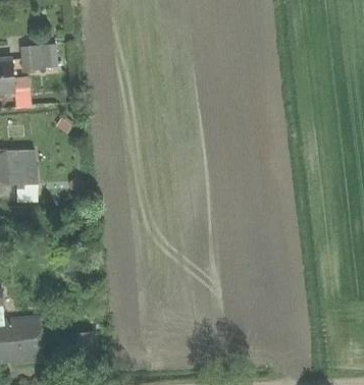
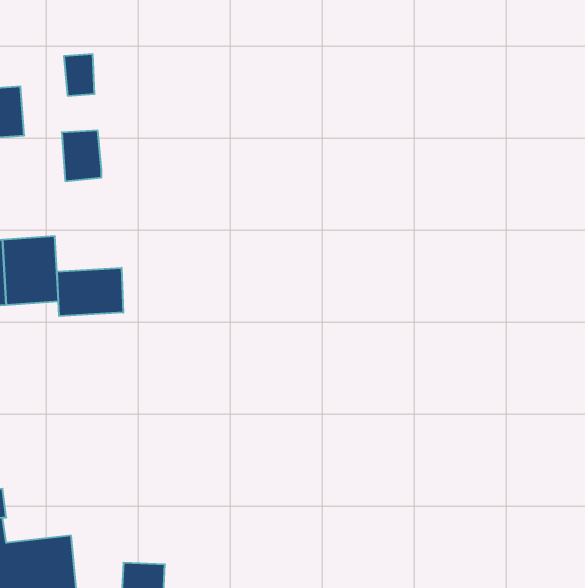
building: [19,45,42,73] -> [62,131,101,181]
building: none -> [57,268,123,316]

